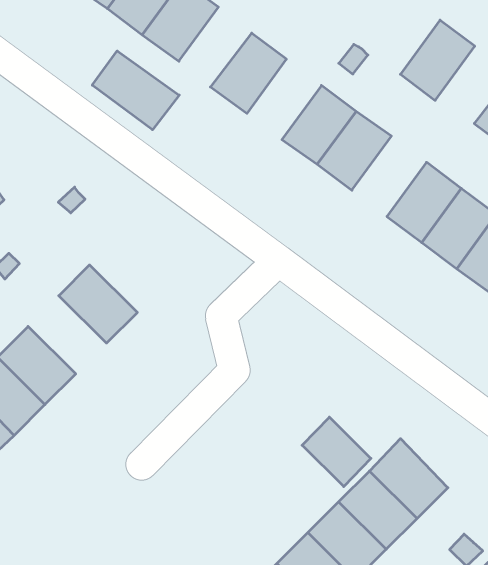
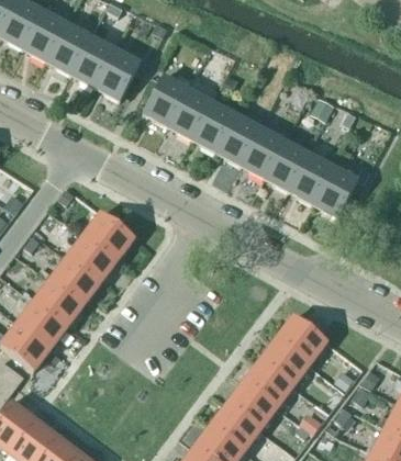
building: [400,20,475,100] -> [241,126,285,177]
building: [92,51,179,130] -> none
building: none -> [168,88,212,138]
building: none -> [83,211,135,259]
building: none -> [51,256,101,303]
building: [302,417,371,487] -> none

